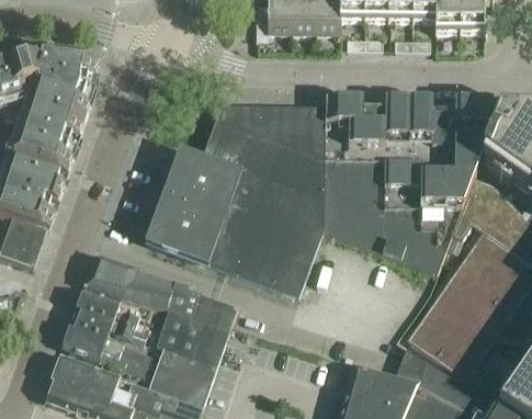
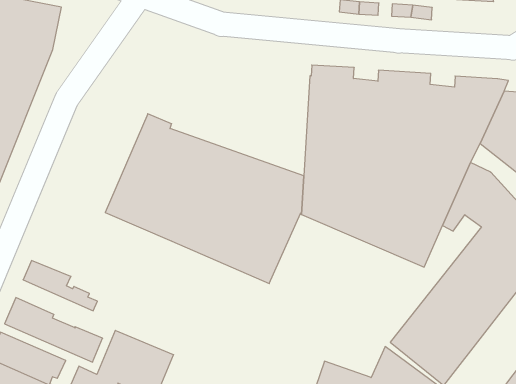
building: [201,109,324,200] -> none
building: [84,257,238,367] -> none
building: [71,308,147,344] -> none

